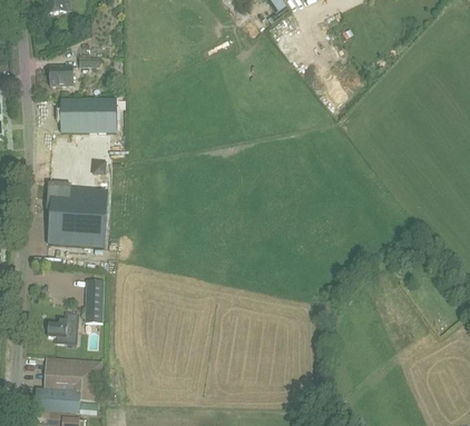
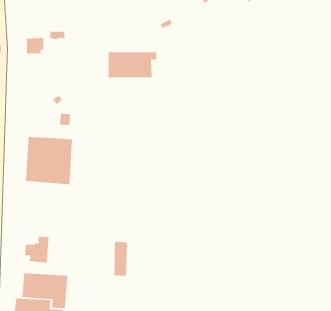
building: [60,99,121,131] -> [108,52,157,78]
building: [85,278,102,321] -> [113,241,128,276]

